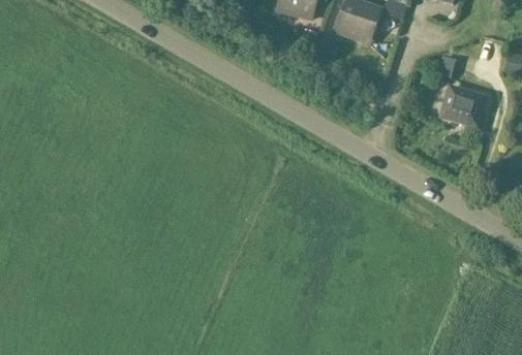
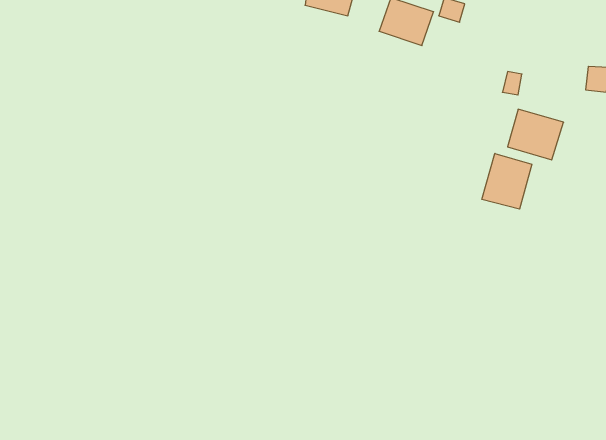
building: none -> [482,153,532,209]

